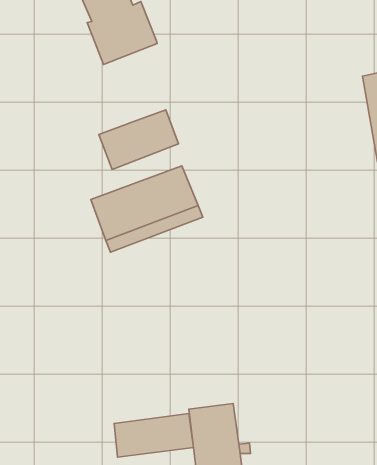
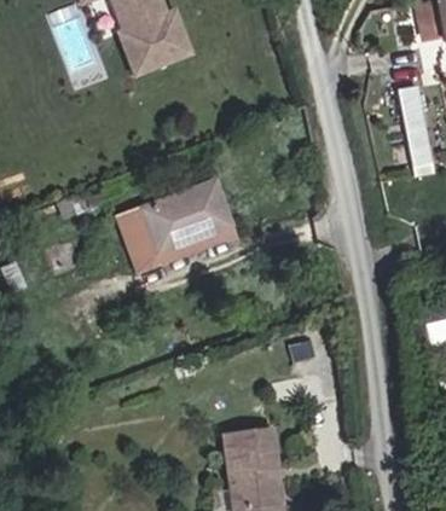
building: [99,110,179,170] -> none
building: [114,413,193,457] -> none

